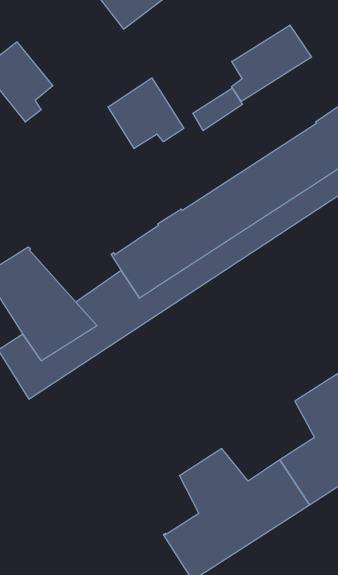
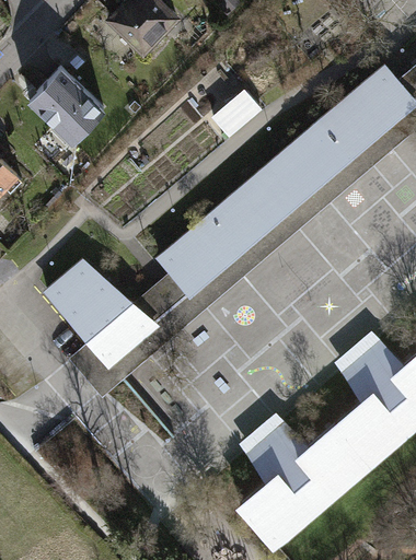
building: [231,25,312,101] -> none
building: [108,78,184,149] -> none

